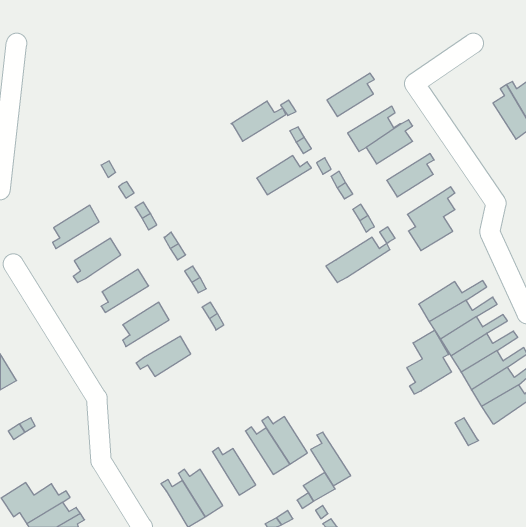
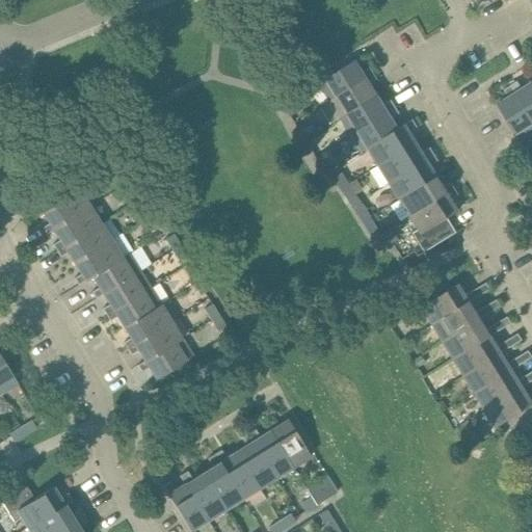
building: [231,101,286,141] -> [319,60,374,101]
building: none -> [380,142,434,182]
building: [257,156,311,195] -> [341,95,396,134]
building: none -> [44,188,91,234]
building: none -> [57,223,112,263]
building: [326,237,390,283] -> [391,176,455,221]
building: none -> [92,252,140,298]
building: none -> [107,288,161,327]
building: none -> [128,322,183,361]
building: [407,330,452,394] -> none
building: [311,432,351,486] -> [236,434,276,488]
building: none -> [203,455,242,509]

